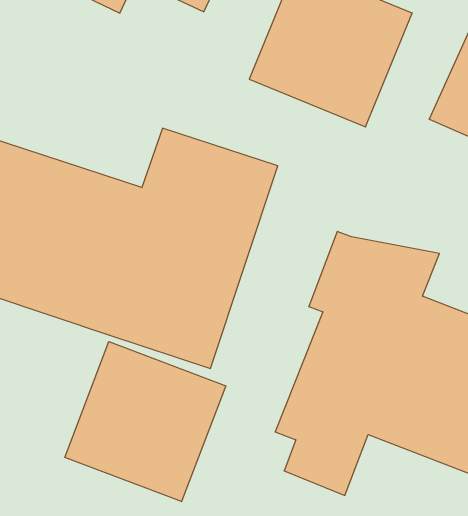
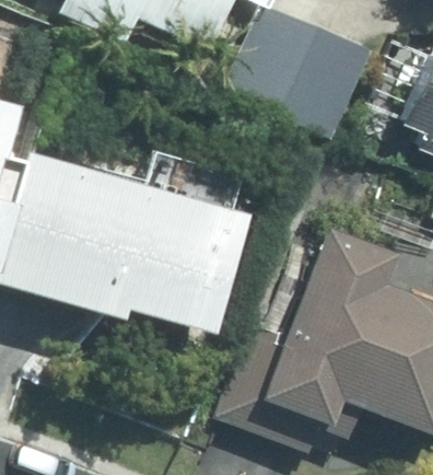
building: [65,342,226,502] -> none

